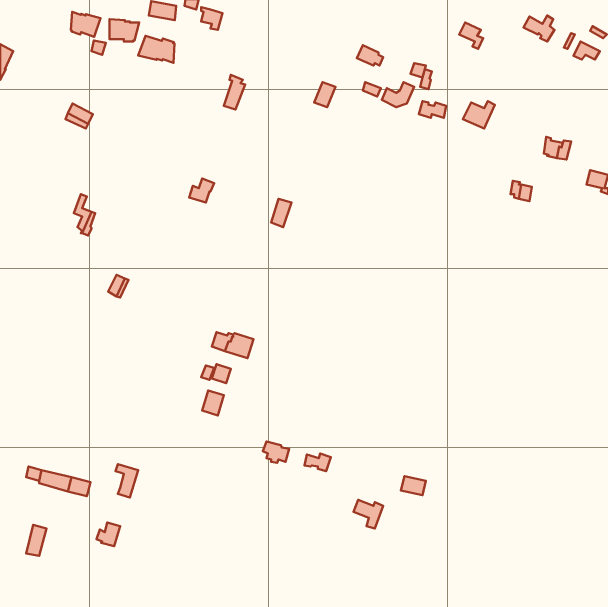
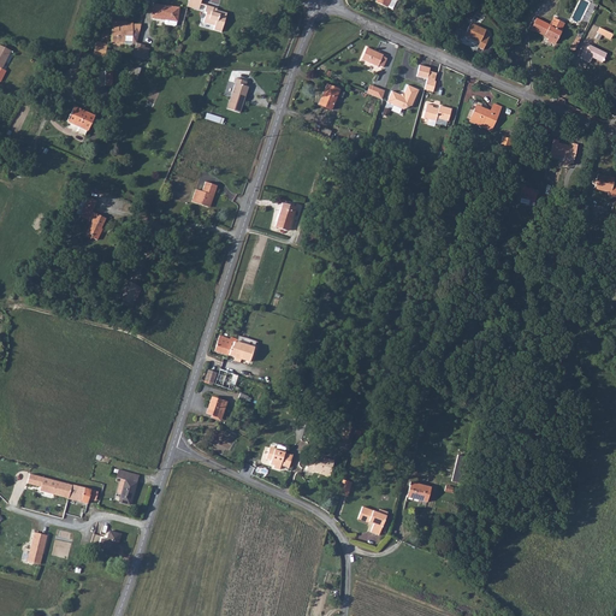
building: [71,12,100,37] -> none
building: [138,36,175,63] -> none

